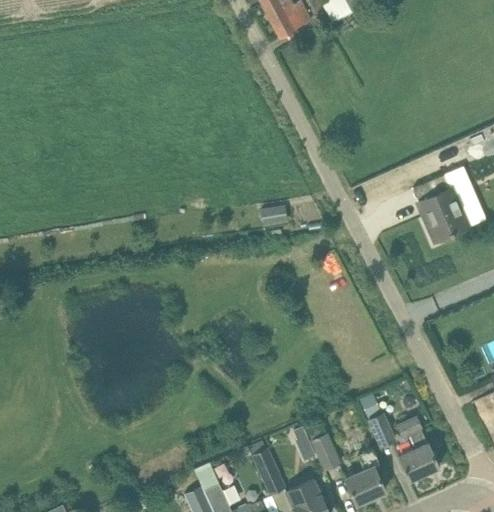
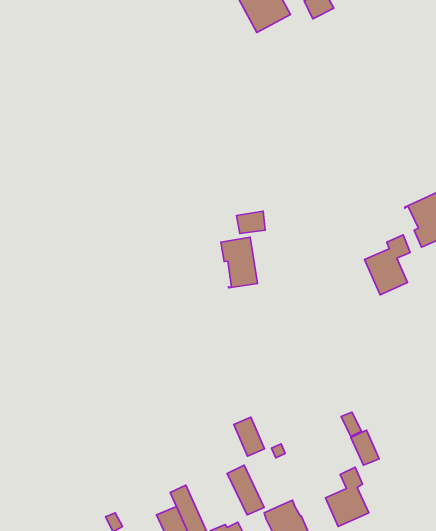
building: none -> [364,235,410,295]
building: none -> [221,237,257,288]
building: [398,417,439,481] -> none
building: [311,434,340,471] -> [234,417,264,456]

